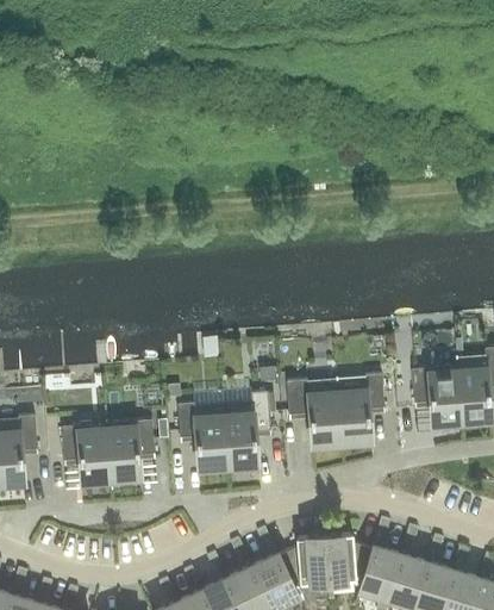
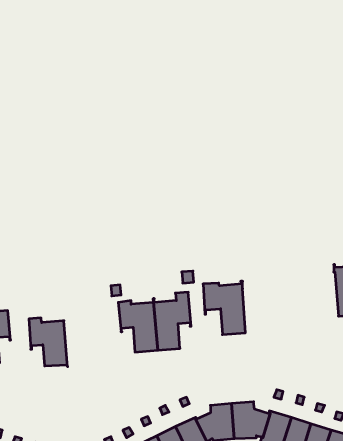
building: [412,366,463,430] -> none
building: [338,374,384,444] -> none
building: [105,419,155,488] -> none

